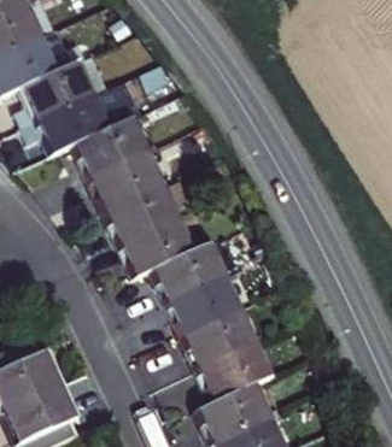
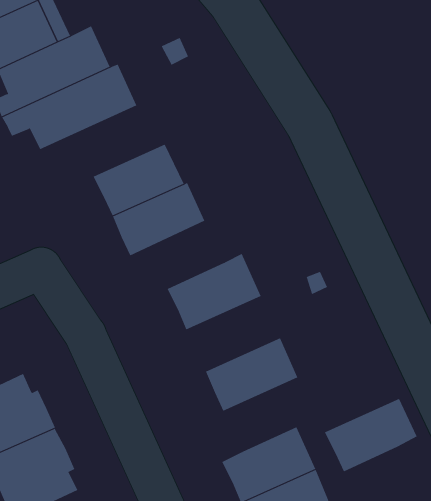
building: [68,117,148,182] -> none
building: [119,214,197,276] -> none
building: [165,276,242,337] -> none
building: [195,342,271,402] -> [324,398,417,472]

